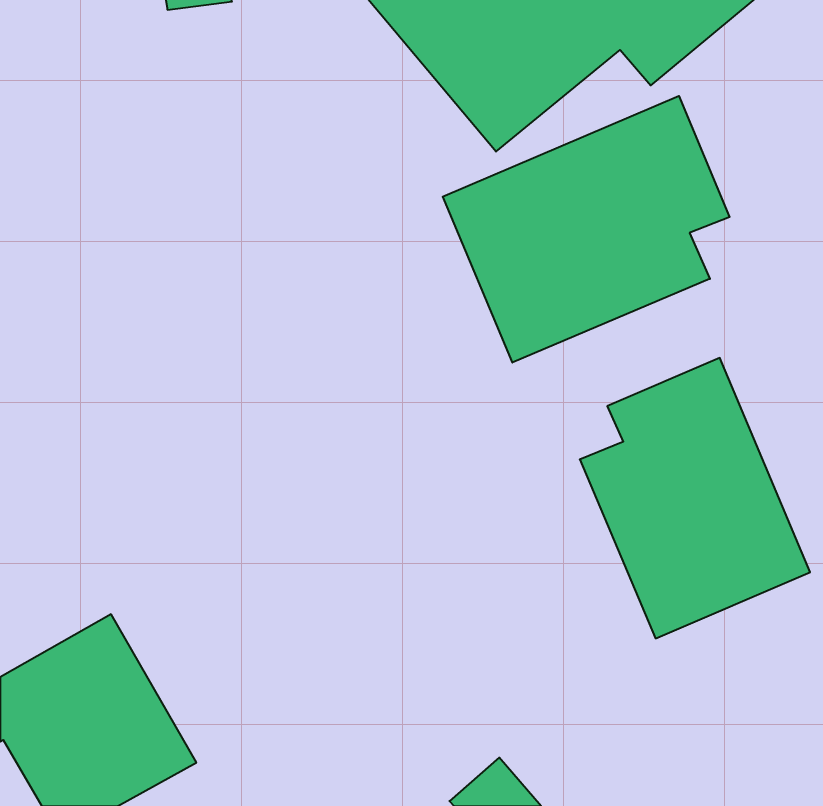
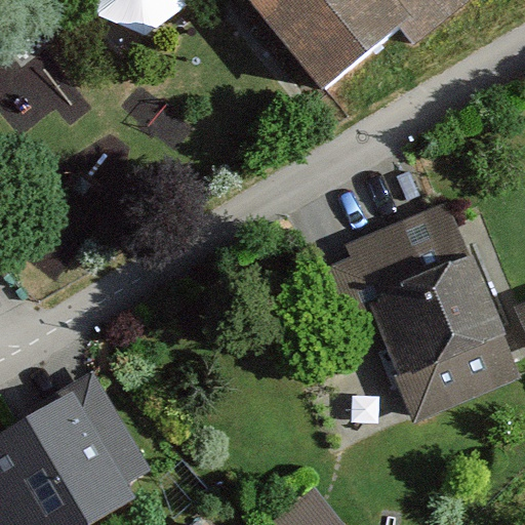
building: [443,96,730,363] -> none

